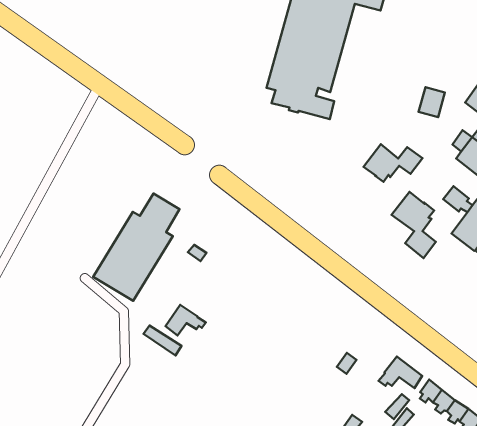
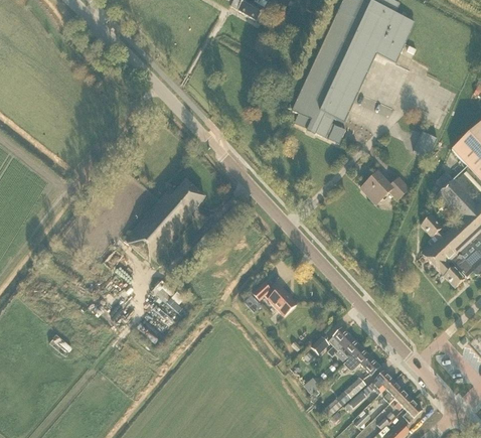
building: [392,192,436,258] -> none
building: none -> [253,283,297,315]
building: [166,305,206,336] -> none
building: none -> [328,327,361,358]

